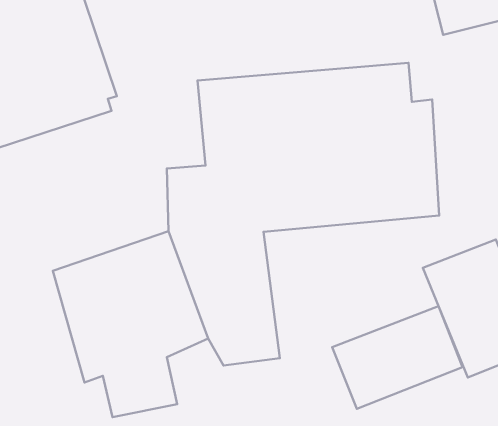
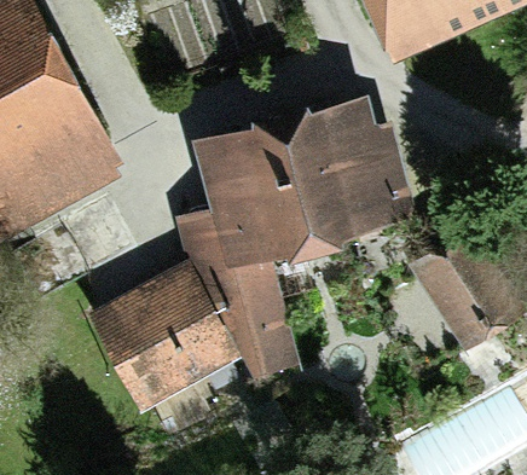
building: [332,306,462,409] -> none

